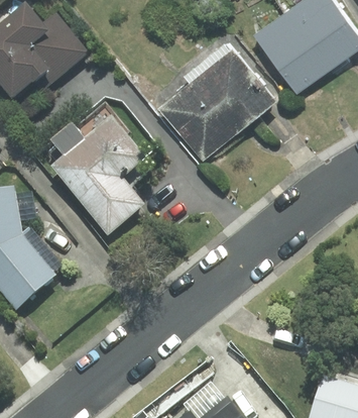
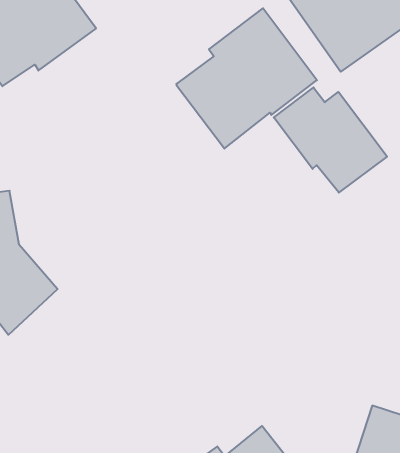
building: none -> [274,87,387,193]
building: [48,113,152,235] -> none

